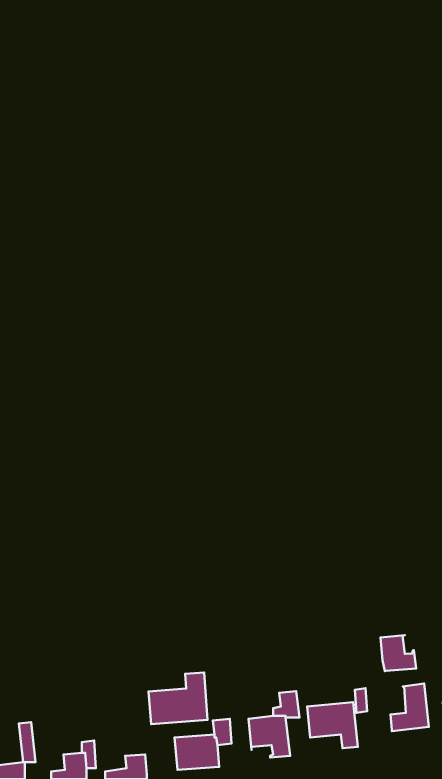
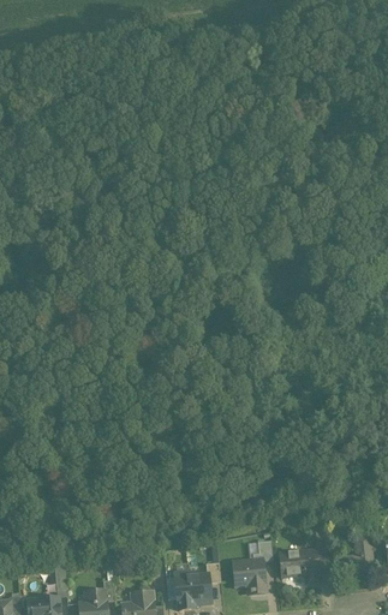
building: [381,635,416,671] -> none
building: [149,672,207,724] -> none

